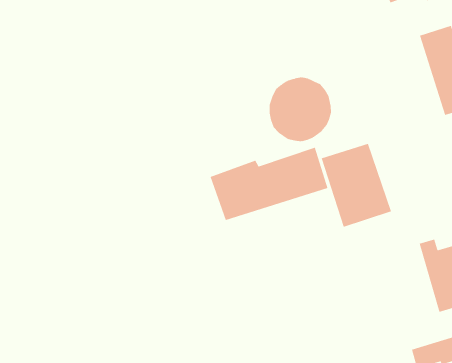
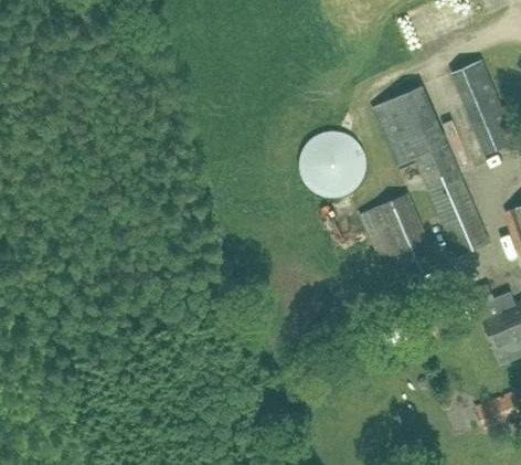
building: none -> [373,84,490,256]
building: [210,147,328,221] -> none

